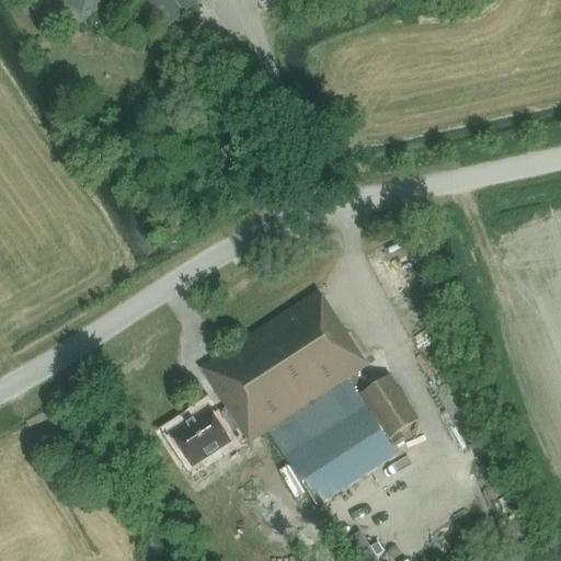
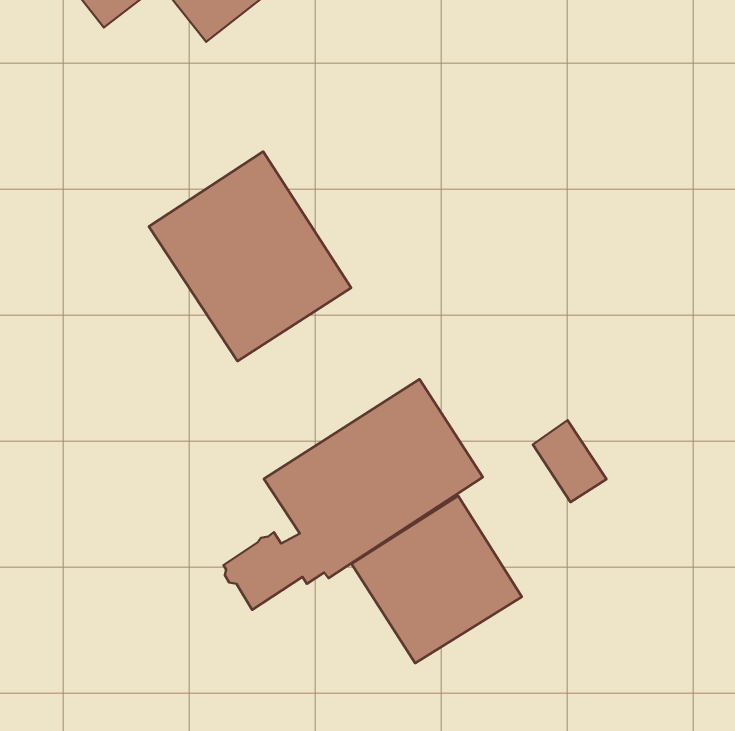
building: none -> [149,152,351,361]
building: [363,373,419,435] -> [533,420,606,502]

